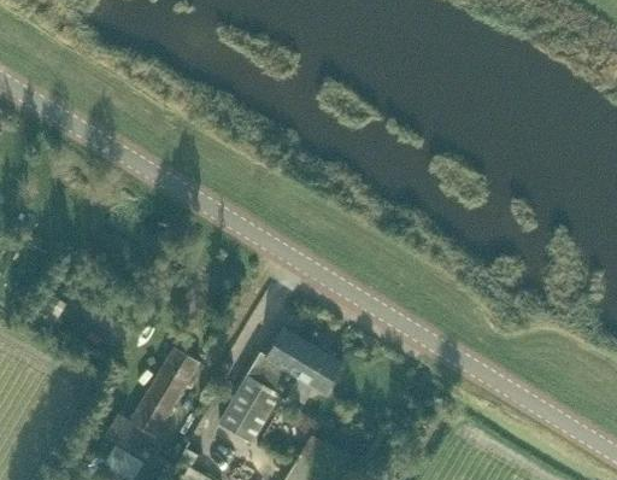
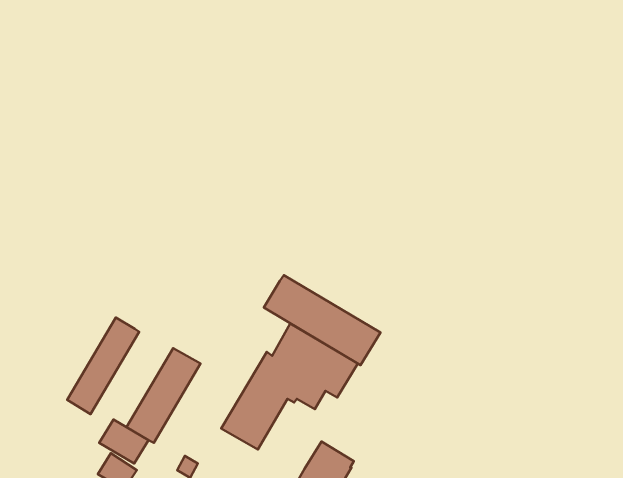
building: none -> [264,275,380,365]
building: none -> [67,318,139,414]

